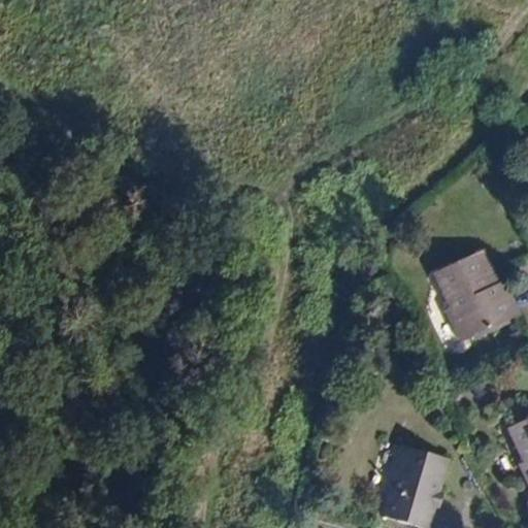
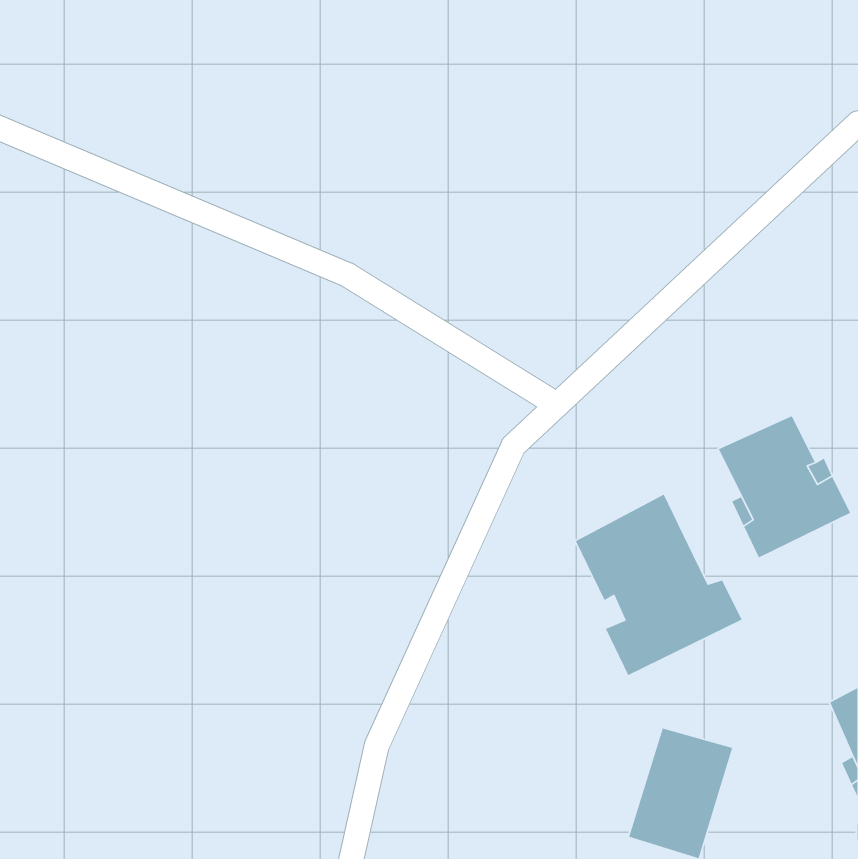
building: none -> [575,493,743,676]

